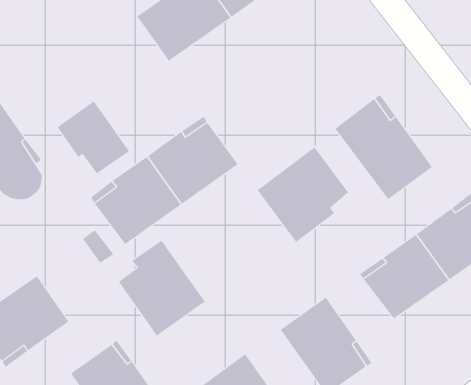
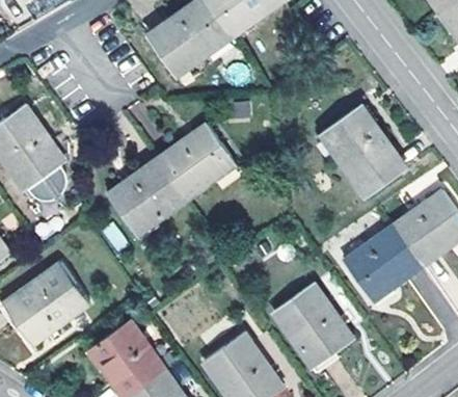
building: [57,100,130,174] -> none
building: [257,147,349,243] -> none
building: [118,240,206,336] -> none

